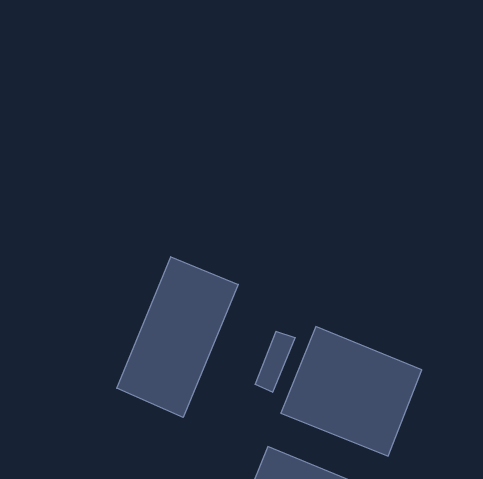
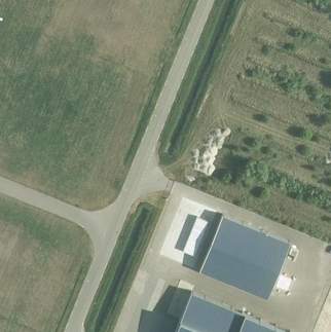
building: [117,257,238,417] -> none

